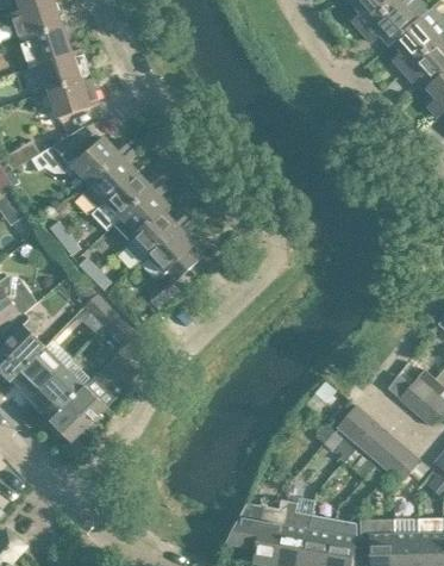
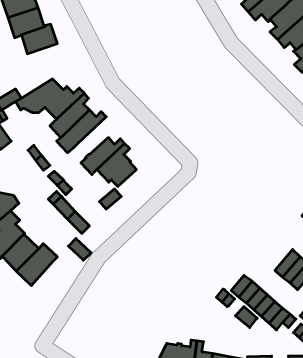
building: [46,75,99,117] -> none
building: [112,179,167,240] -> none
building: [49,384,105,441] -> none

